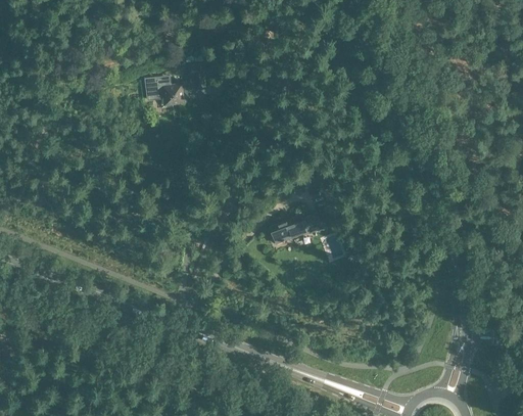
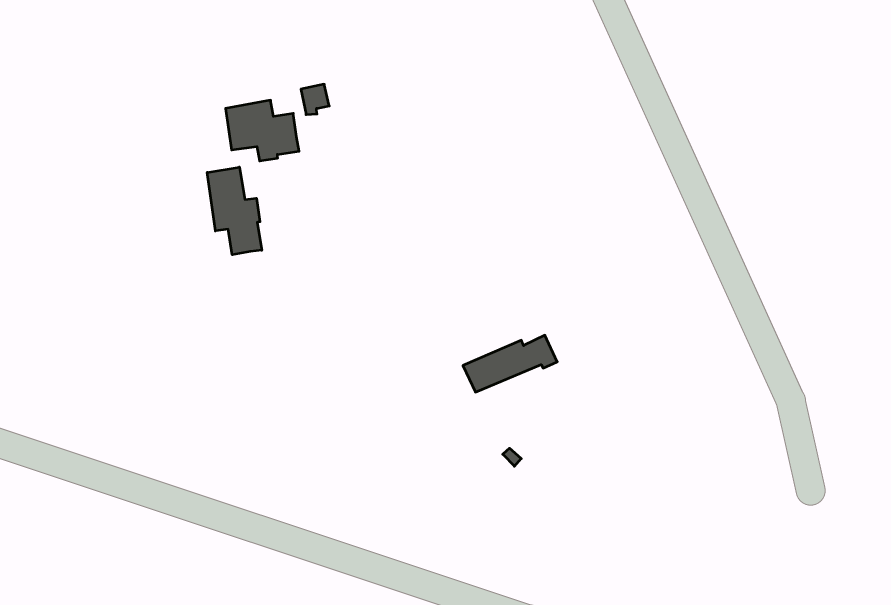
building: none -> [207,167,262,255]

